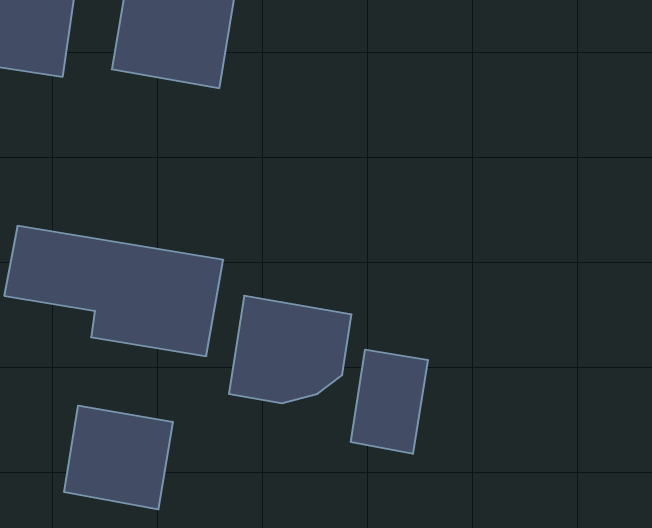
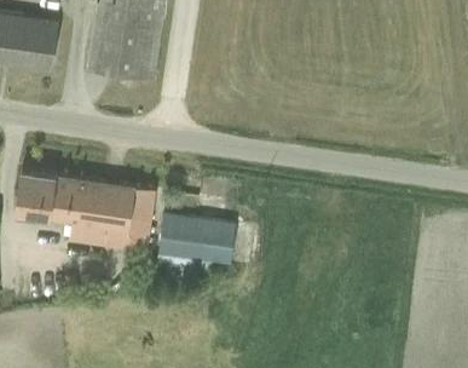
building: [351,350,428,454] -> none
building: [64,406,173,510] -> none

